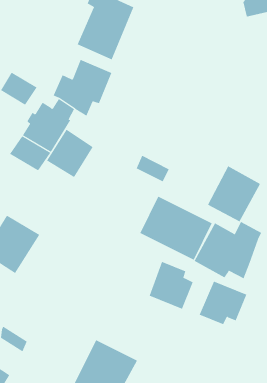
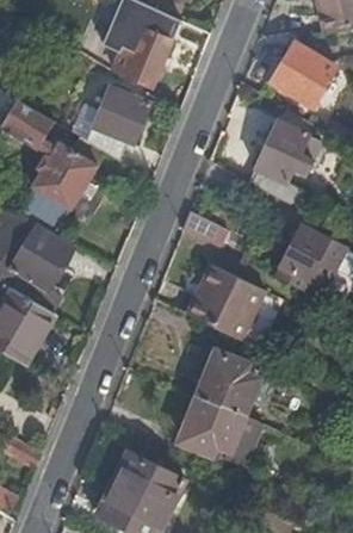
building: none -> [270,41,335,105]
building: none -> [249,119,321,205]
building: [46,129,94,178] -> [11,224,73,289]
building: [194,221,262,279] -> none
building: [199,281,247,325] -> [179,395,242,452]

